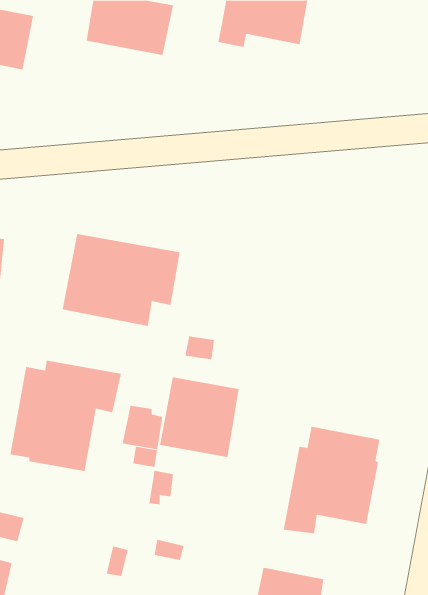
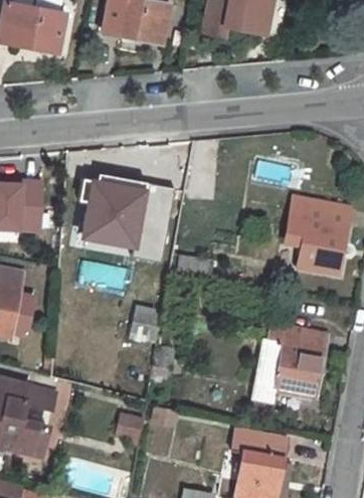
building: none -> [287,196,348,274]
building: [10,360,121,472] -> none
building: [160,376,239,458] -> none

